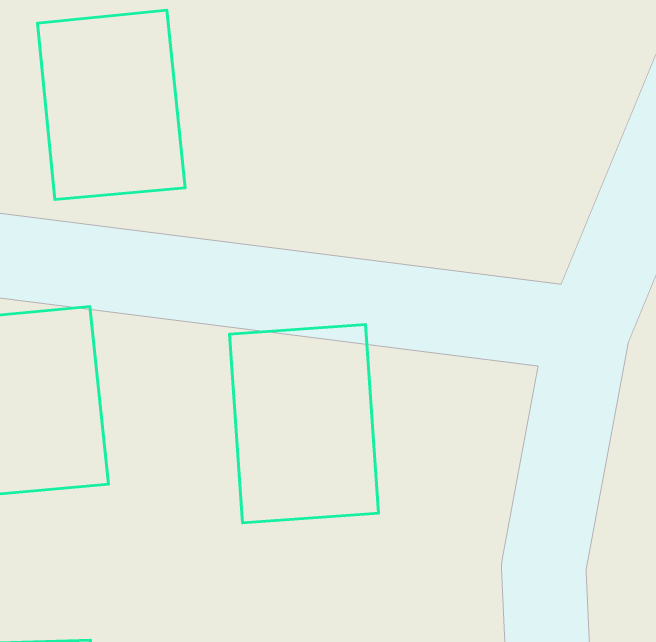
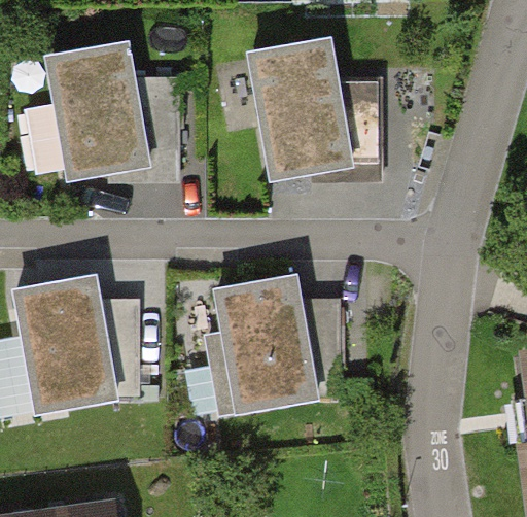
building: none -> [251,49,370,195]

